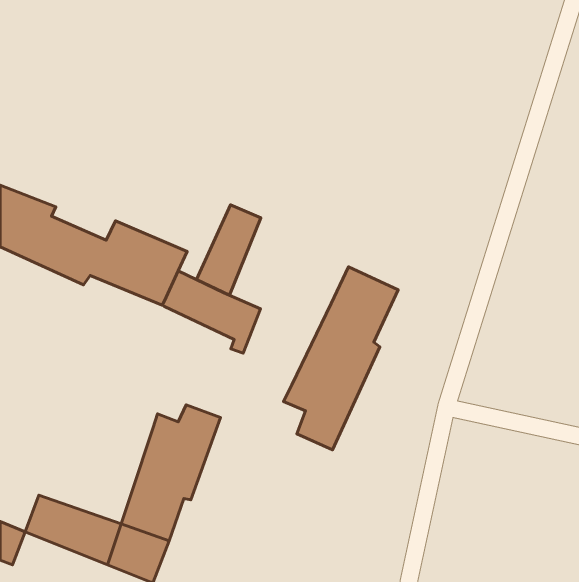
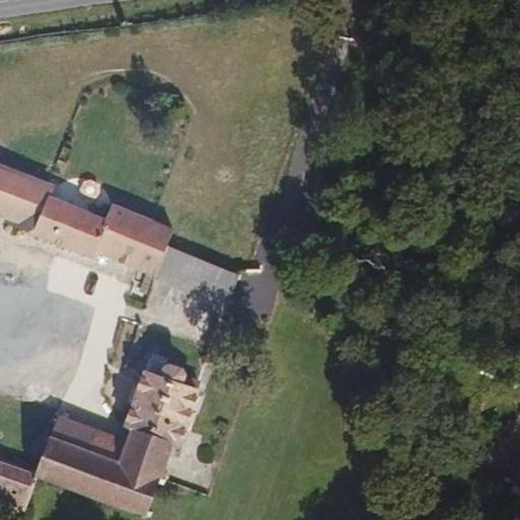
building: [196,205,261,295] -> none
building: [284,267,398,450] -> none
building: none -> [39,412,121,465]

